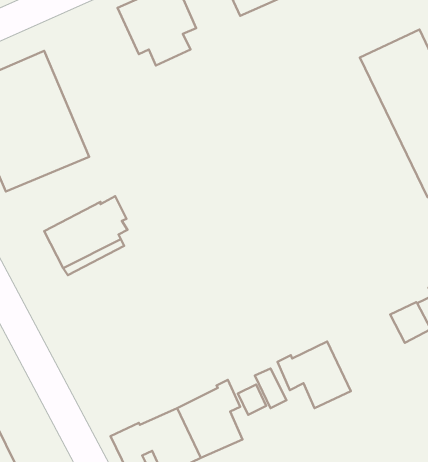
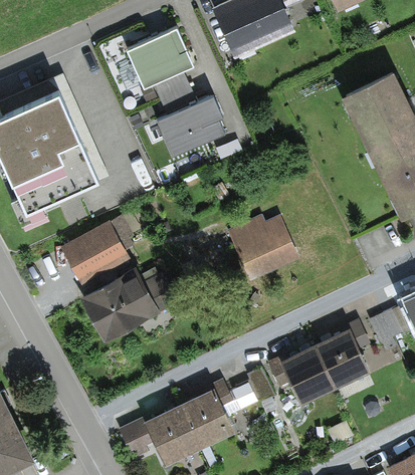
building: none -> [155,86,225,158]
building: none -> [225,217,299,284]
building: none -> [77,266,179,343]
building: none -> [310,321,371,391]

